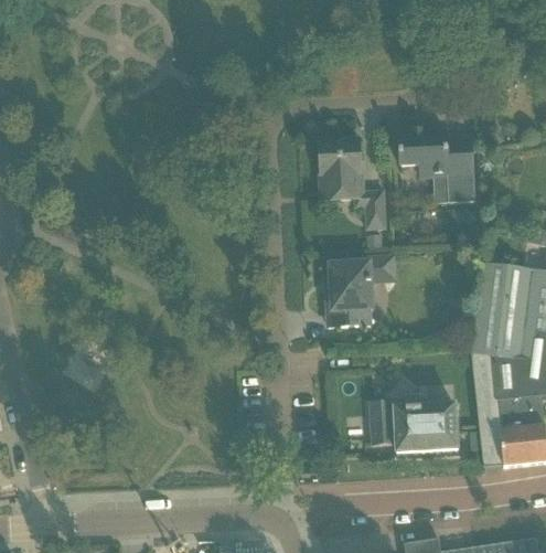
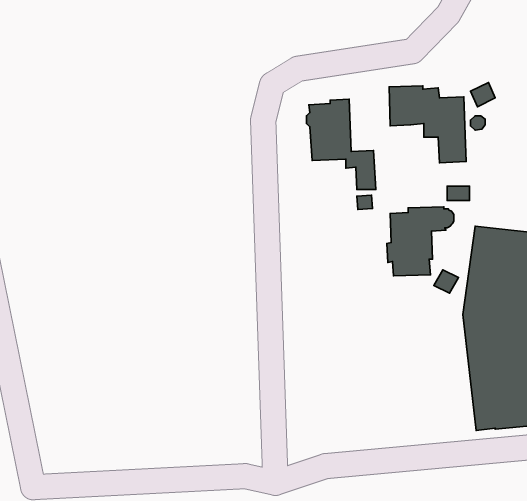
building: [328,257,394,326] -> [387,207,454,276]
building: [371,379,459,454] -> none

